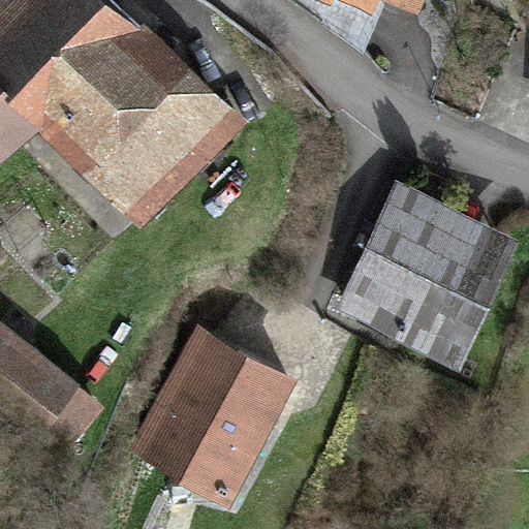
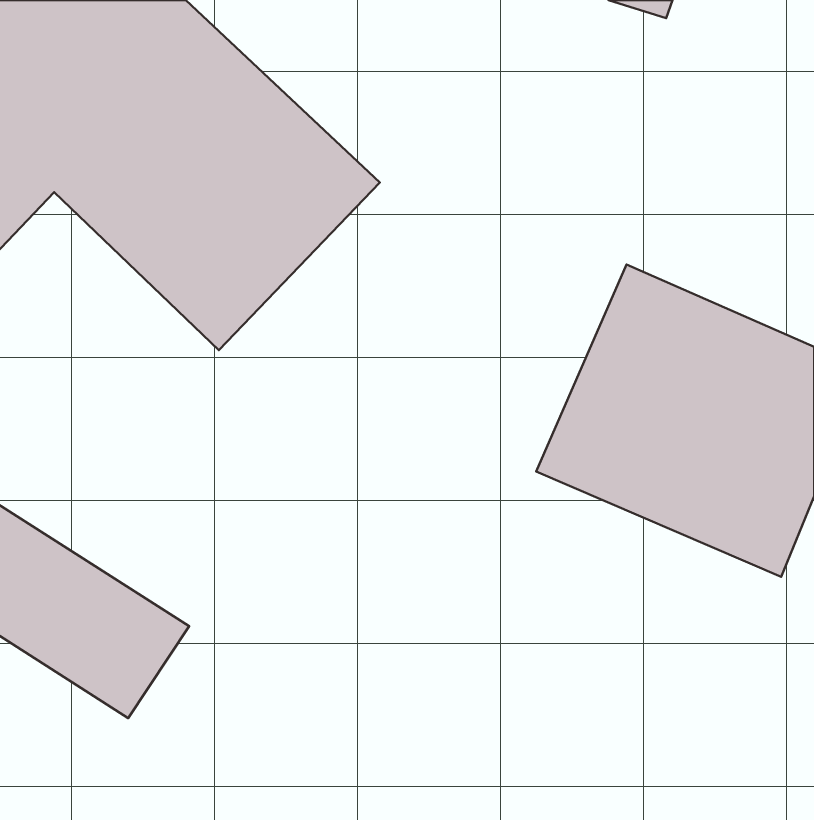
building: [132,322,307,504] -> none

